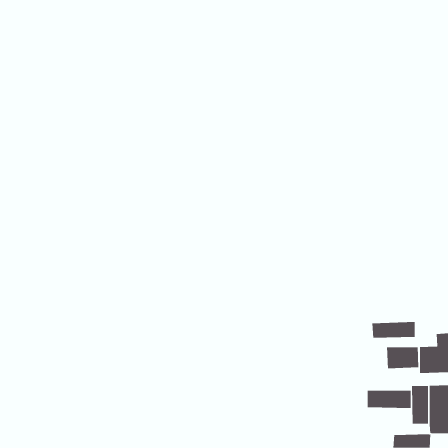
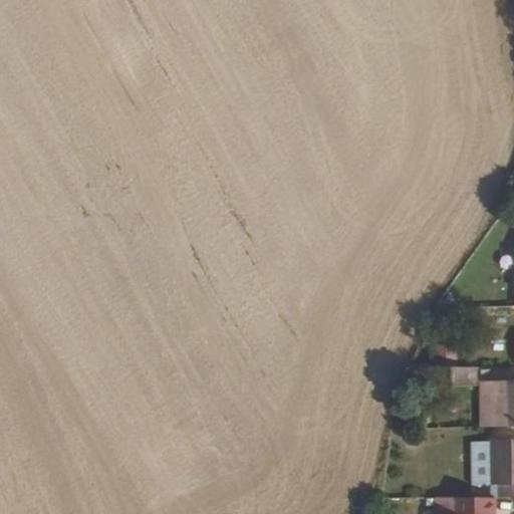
building: [387,346,419,369] -> none
building: [367,390,411,409] -> none

